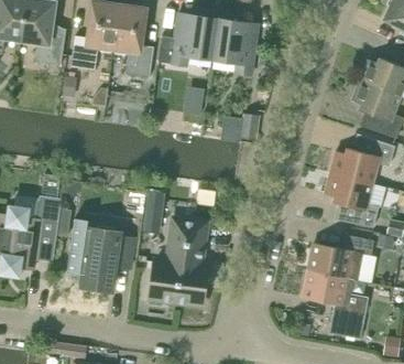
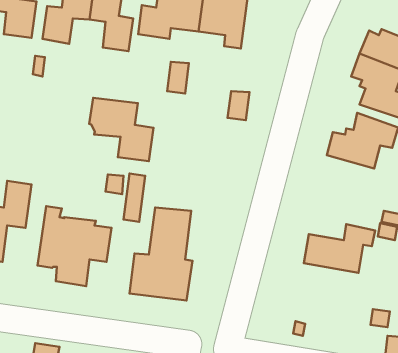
building: none -> [89,98,153,161]
building: [324,172,378,227] -> none
building: [303,270,368,339] -> none

